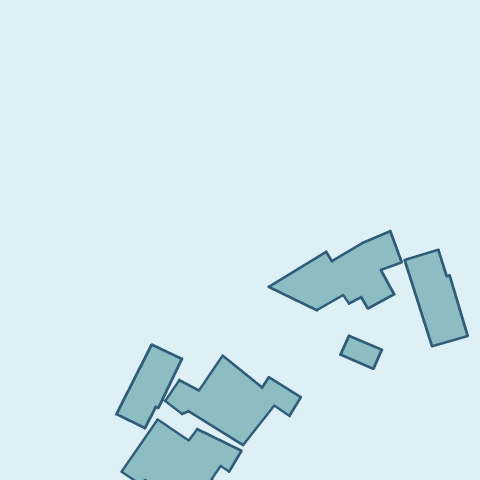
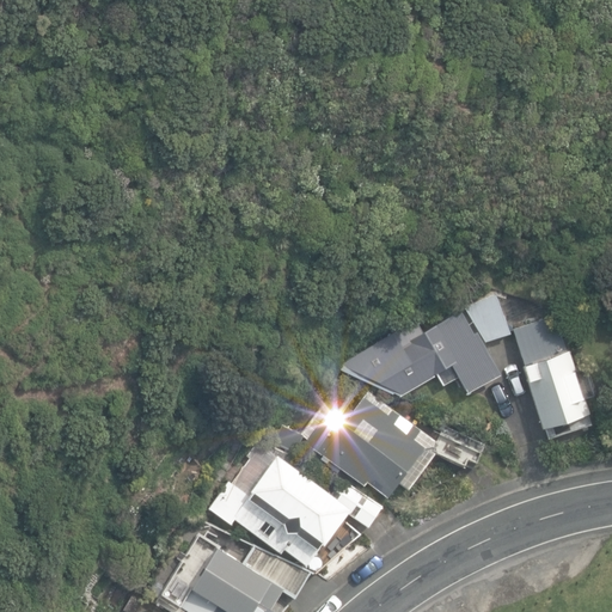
building: none -> [271,392,424,498]
building: [116,345,182,428] -> none

